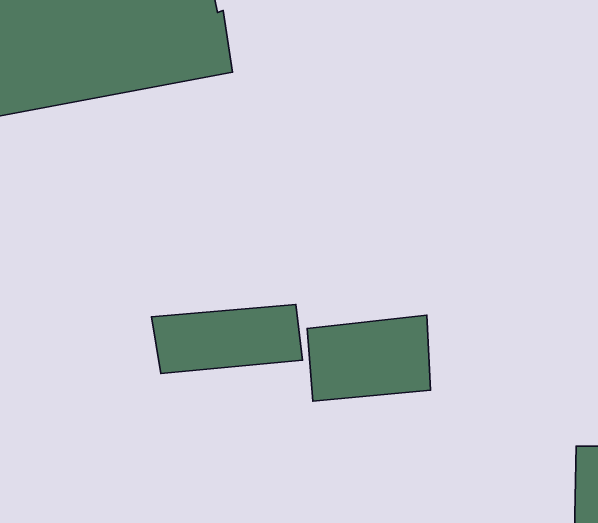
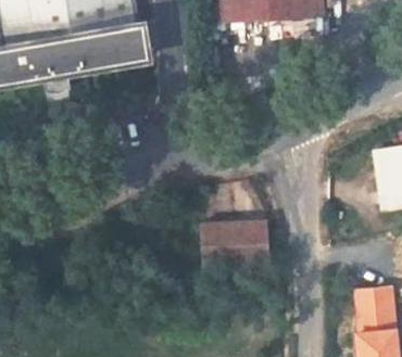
building: [151,304,303,374] -> none

